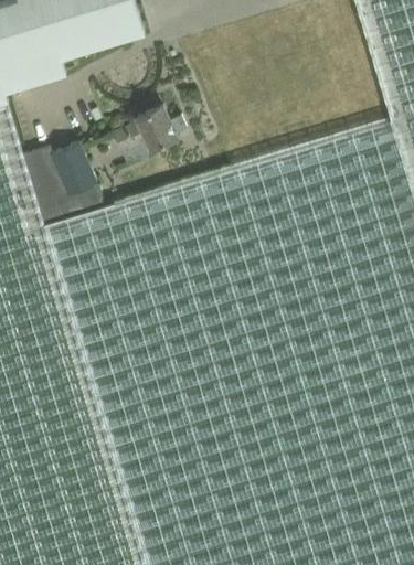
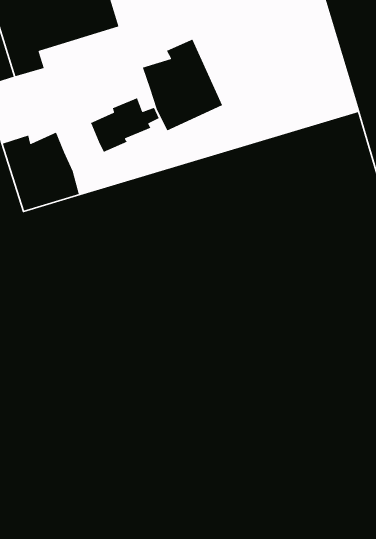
building: none -> [142,38,223,132]

